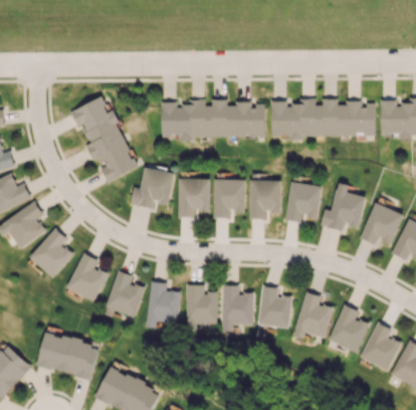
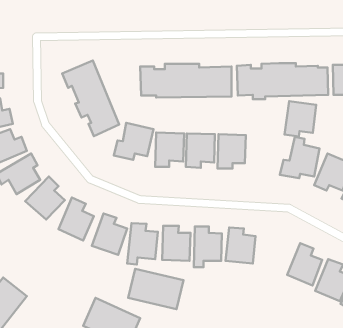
building: [285,182,322,222] -> [285,101,316,136]
building: [293,291,334,339] -> none
building: [37,333,100,379] -> [128,269,183,309]

